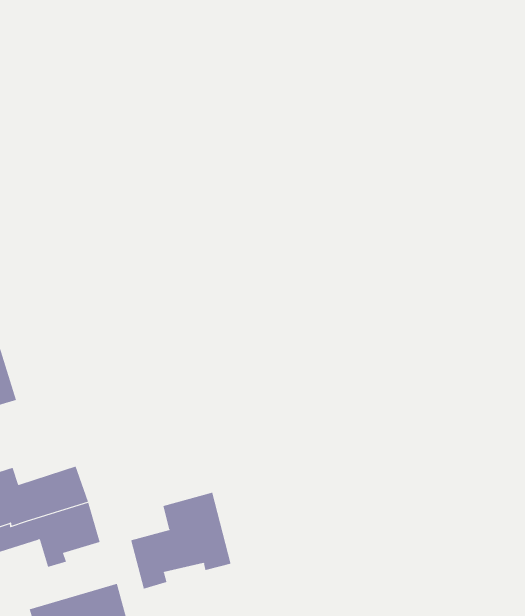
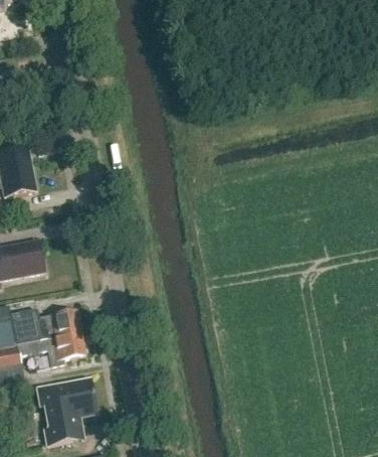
building: [130,492,231,590] -> none

